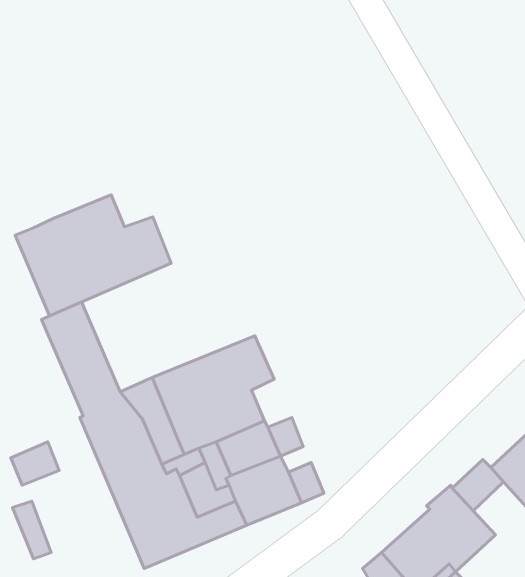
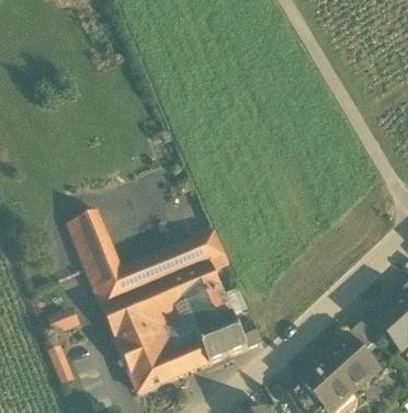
building: [15,195,171,316] -> none

